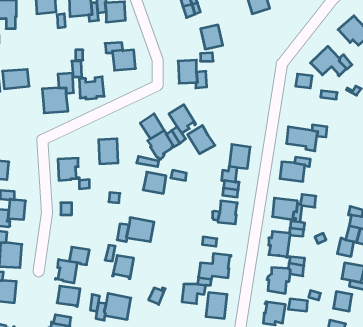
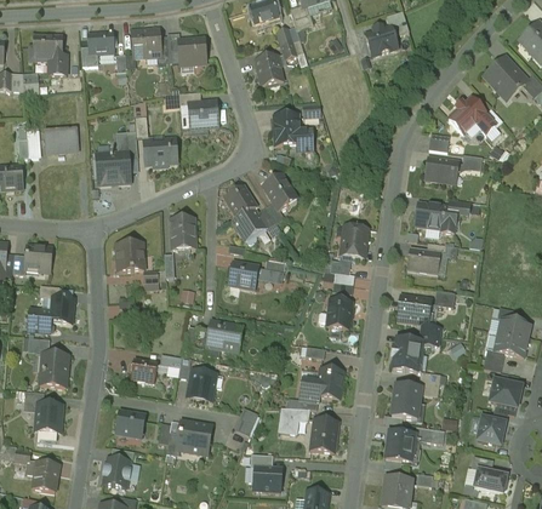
building: [201,25,223,49] -> [255,55,284,86]
building: none -> [424,158,458,182]
building: [188,125,215,154] -> none
building: [55,259,77,283] -> none

